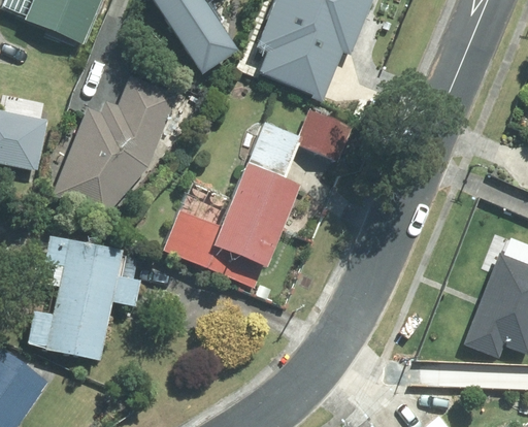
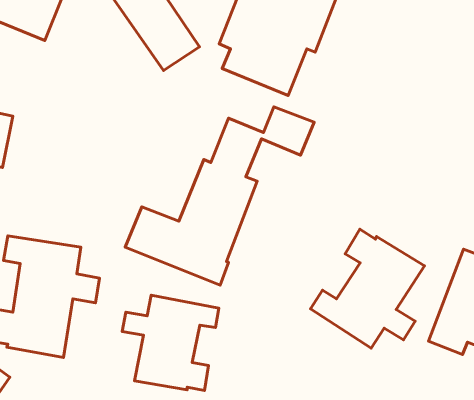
building: [54,74,179,216] -> none
building: none -> [311,229,424,348]
building: none -> [122,295,219,390]

